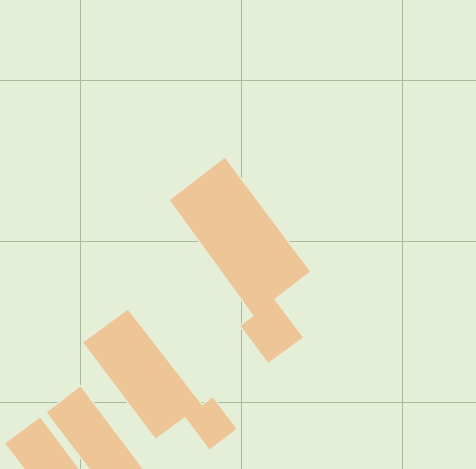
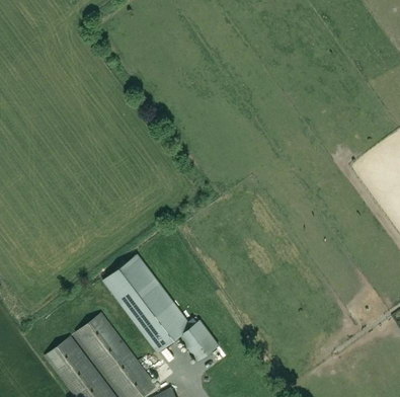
building: [169,157,311,364] -> none

